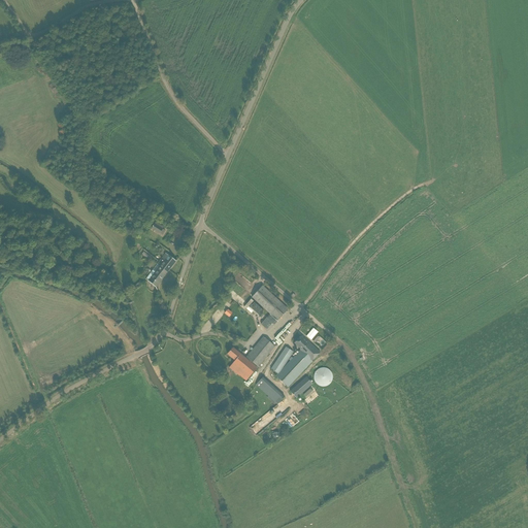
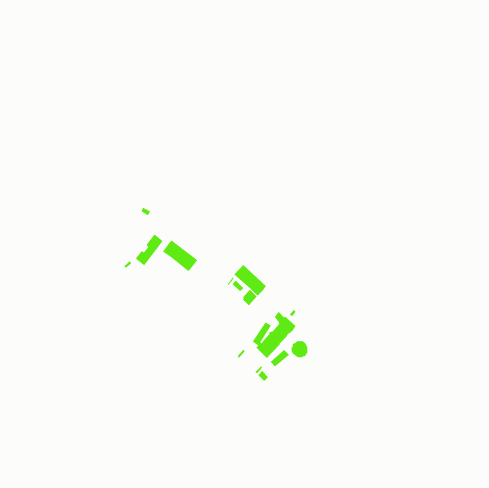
building: none -> [162,240,198,272]
building: [228,336,274,381] -> none

